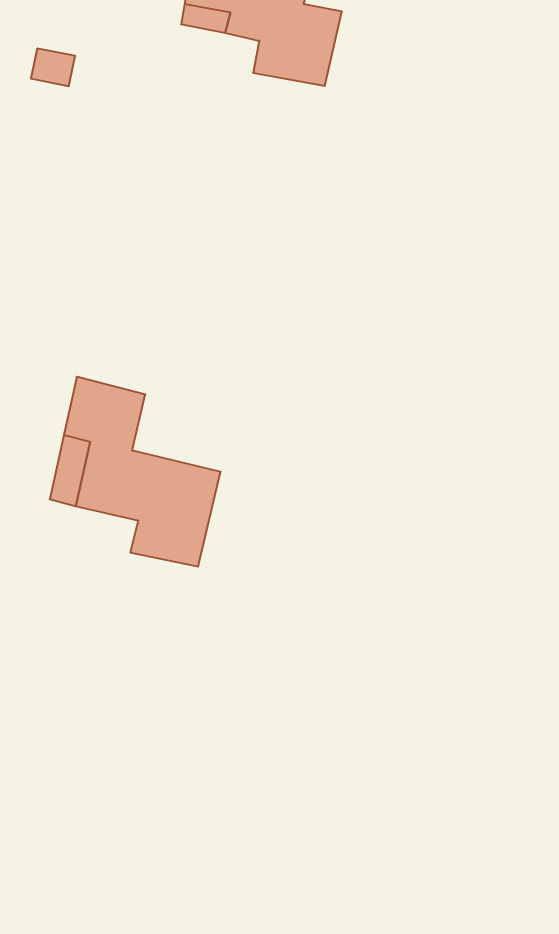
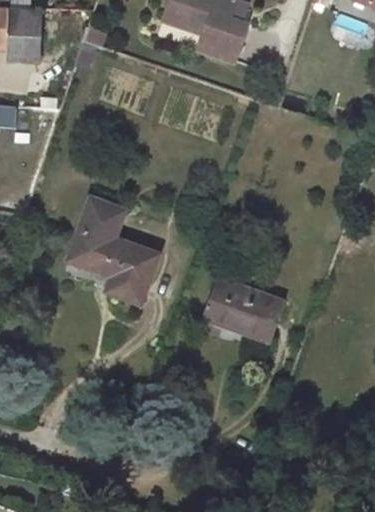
building: none -> [220,281,278,334]

